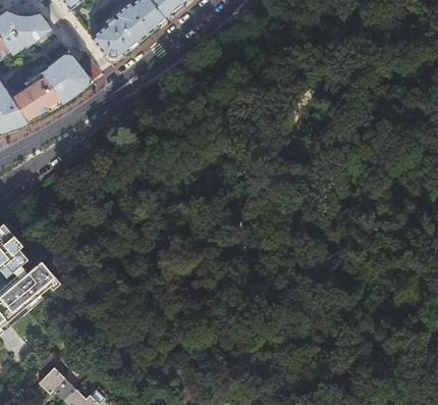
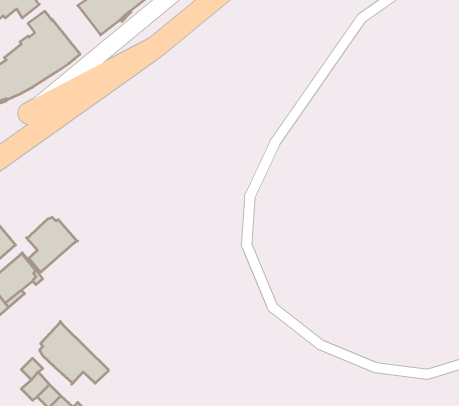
building: none -> [26,217,78,272]
building: none -> [40,321,108,384]

